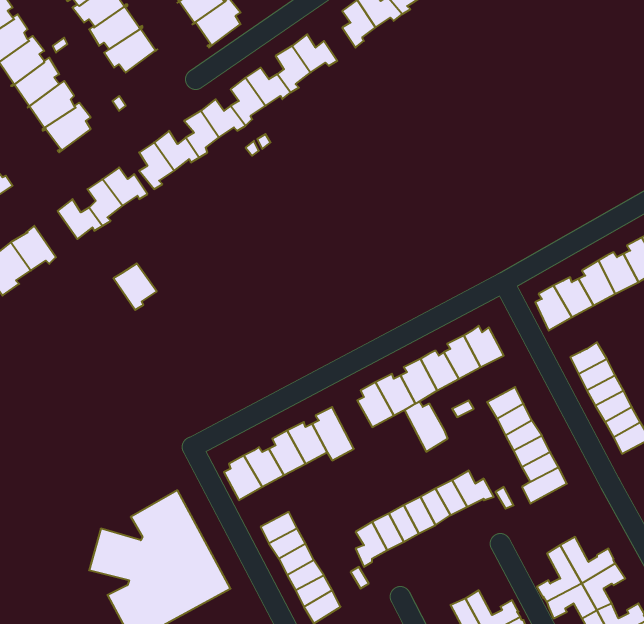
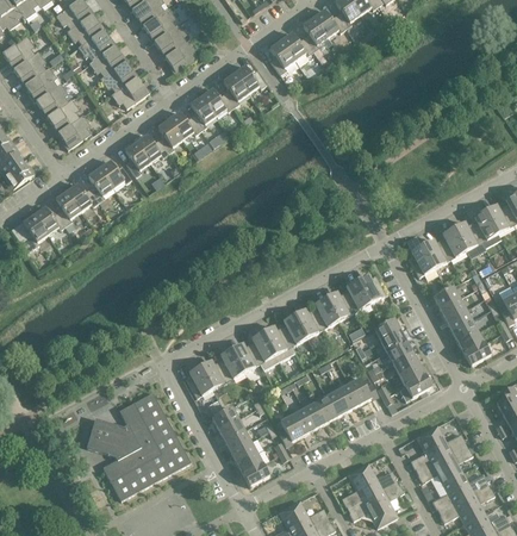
building: none -> [111,75,150,107]
building: [113,263,157,310] -> [50,191,81,224]
building: [404,402,448,452] -> [263,325,294,361]

